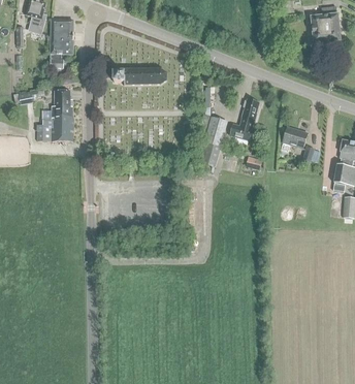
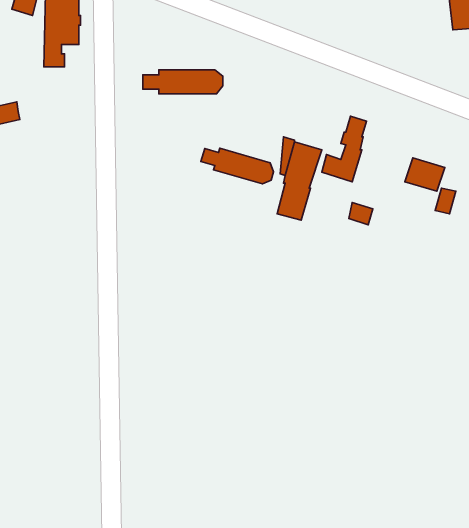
building: [36,89,71,139] -> none
building: none -> [201,148,274,184]

